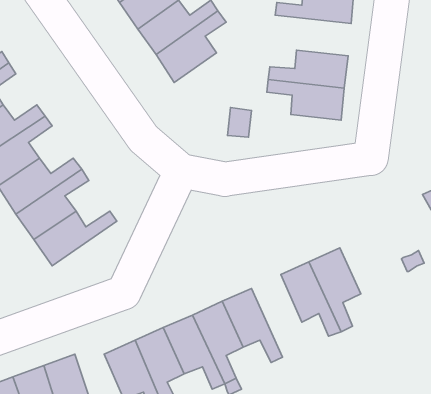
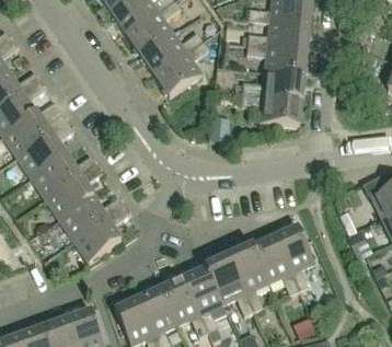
building: none -> [246,43,307,74]
building: none -> [73,204,130,261]
building: none -> [229,245,268,310]

